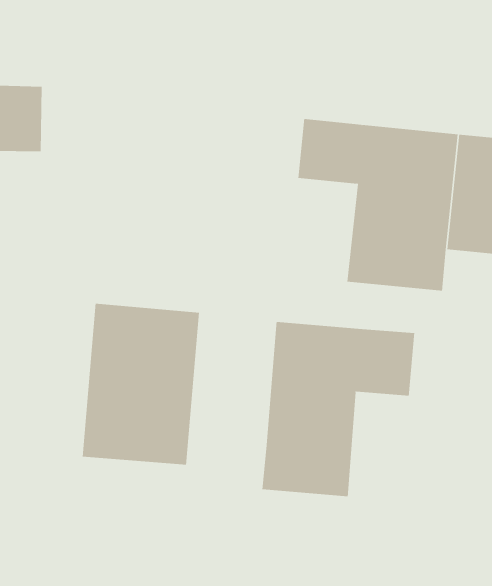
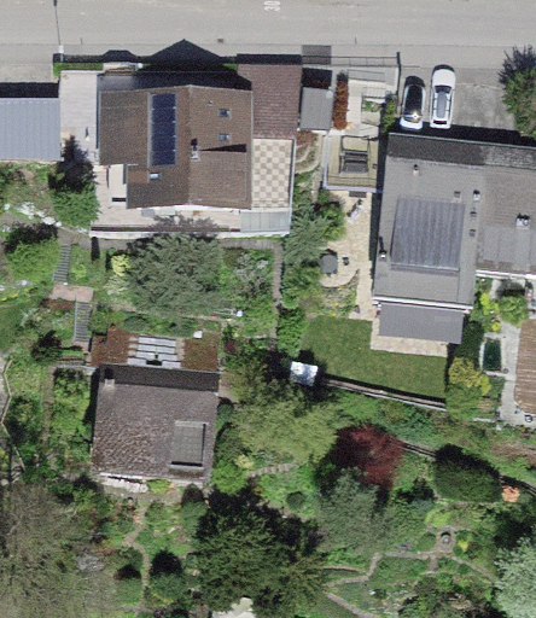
building: none -> [94,66,297,210]
building: [262,321,415,497] -> none

